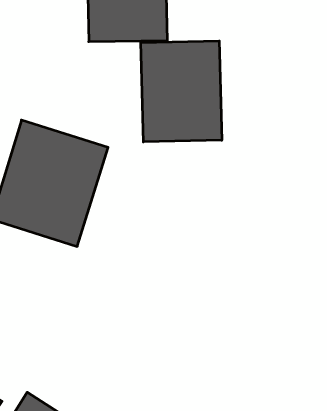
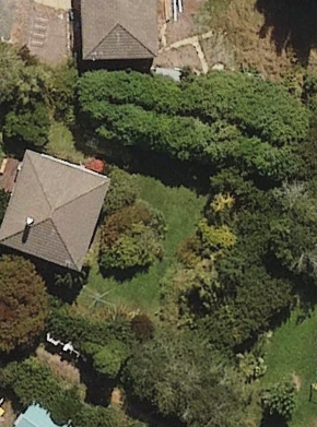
building: [141,41,222,142] -> none

